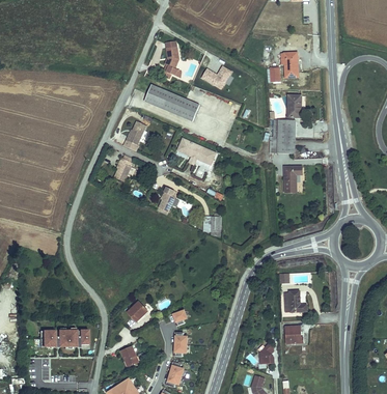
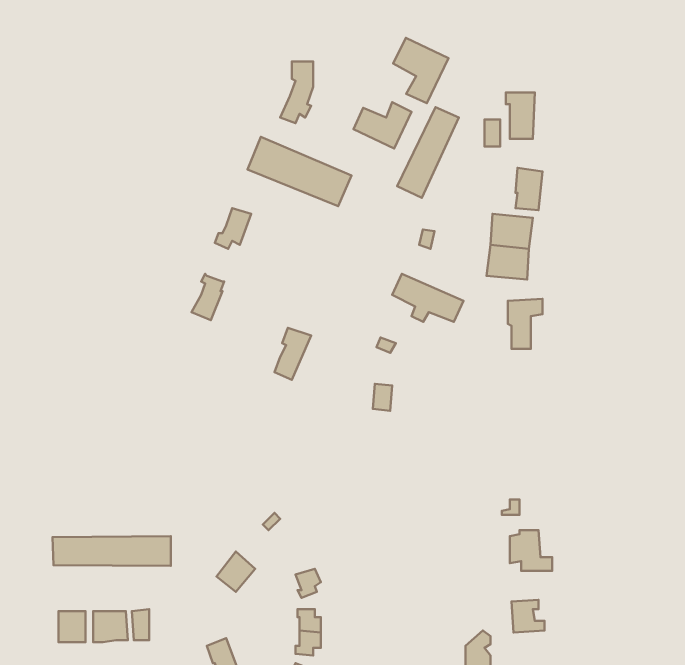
building: none -> [393,38,448,103]
building: none -> [397,107,459,198]
building: [176,136,215,162] -> [392,274,464,322]
building: none -> [53,536,171,566]

